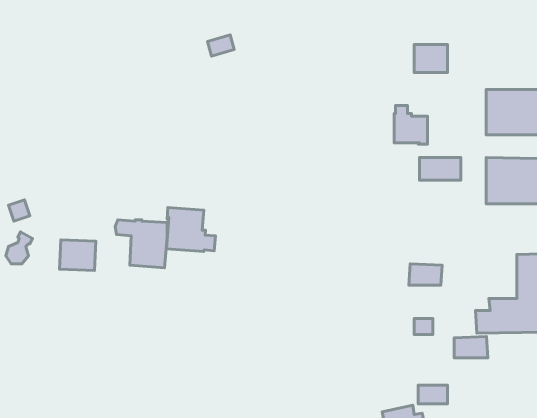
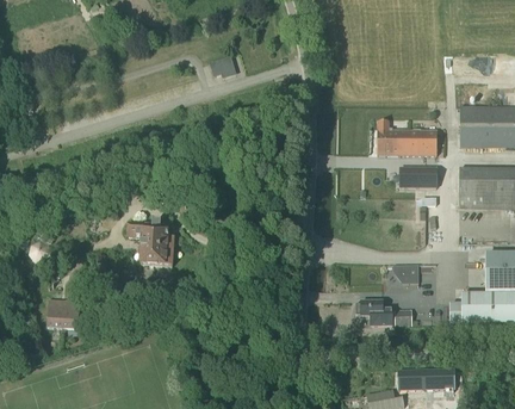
building: [414,45,447,73] -> [407,130,436,155]
building: [166,208,215,252] -> none
building: [60,240,96,270] -> [48,300,80,328]
building: none -> [355,300,392,327]
building: [454,336,488,358] -> [424,370,454,389]

